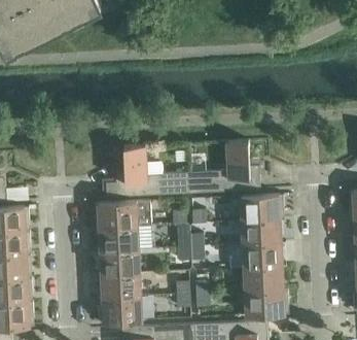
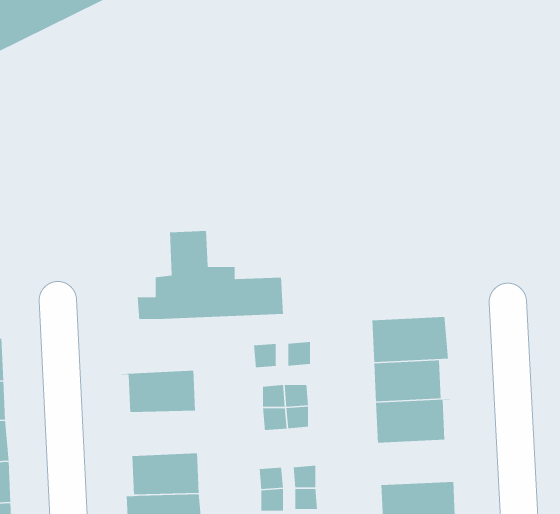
building: [188,139,259,193] -> none
building: [94,200,151,227] -> none
building: [97,248,140,274] -> none
building: [243,265,287,291] -> none

